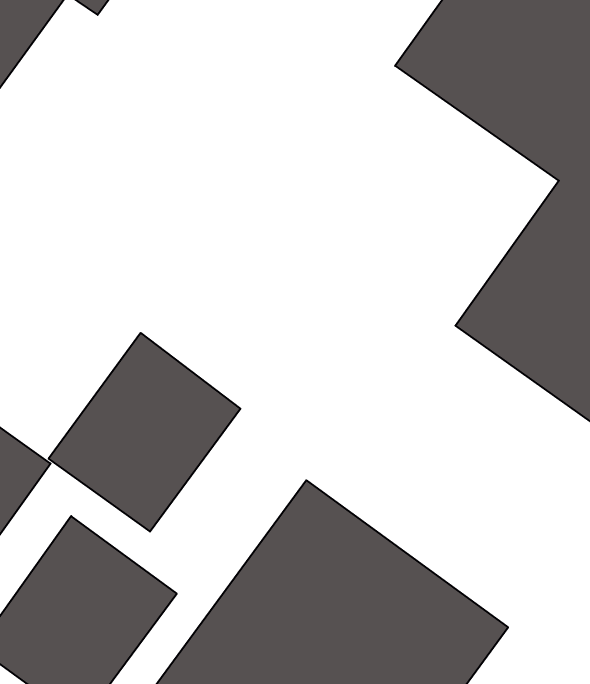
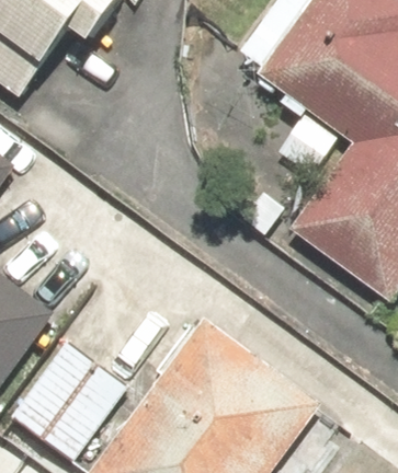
building: [49,333,240,532] -> none

